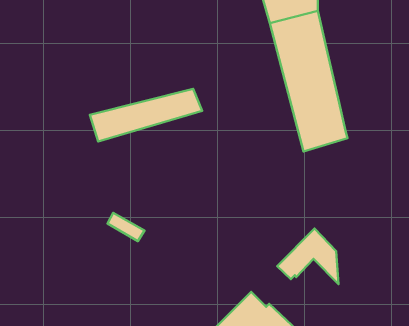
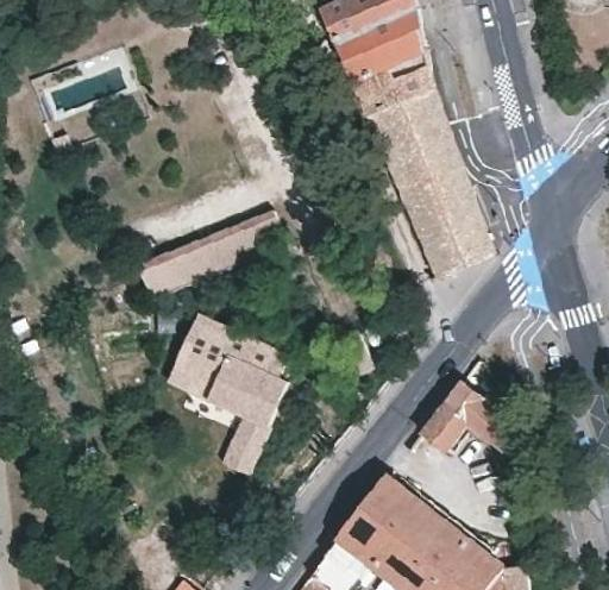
building: none -> [164,309,296,472]

